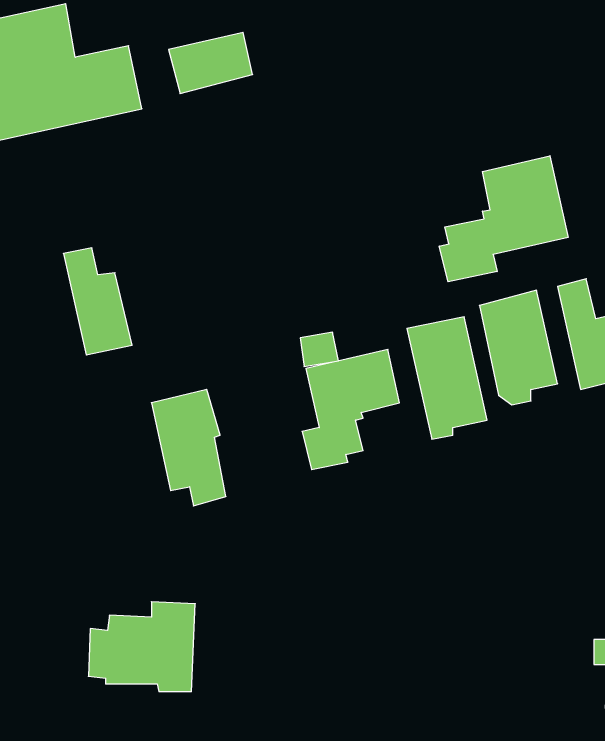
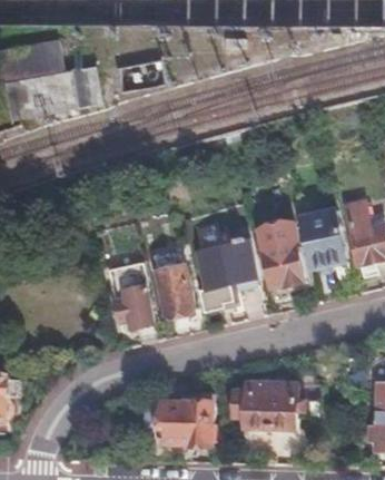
building: [439,156,568,282] -> none
building: [63,248,132,355] -> [155,254,195,316]
building: none -> [233,381,304,429]
building: [88,602,195,692] -> [150,391,213,443]

